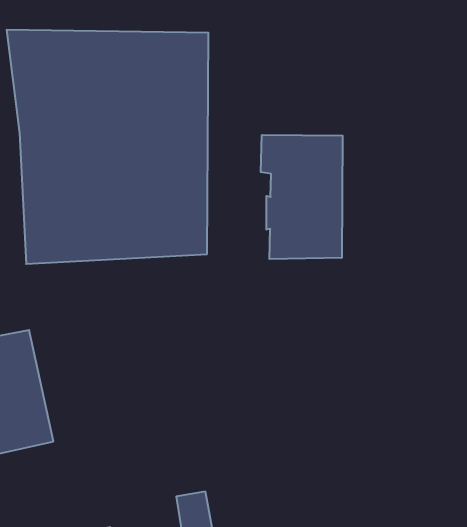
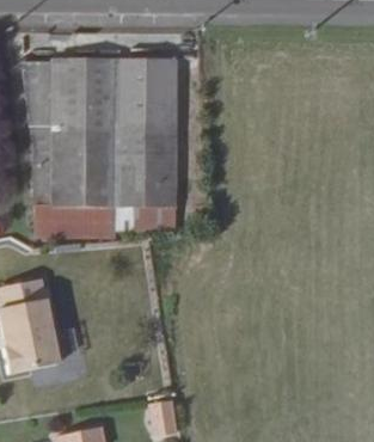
building: [261,135,343,259] -> none

